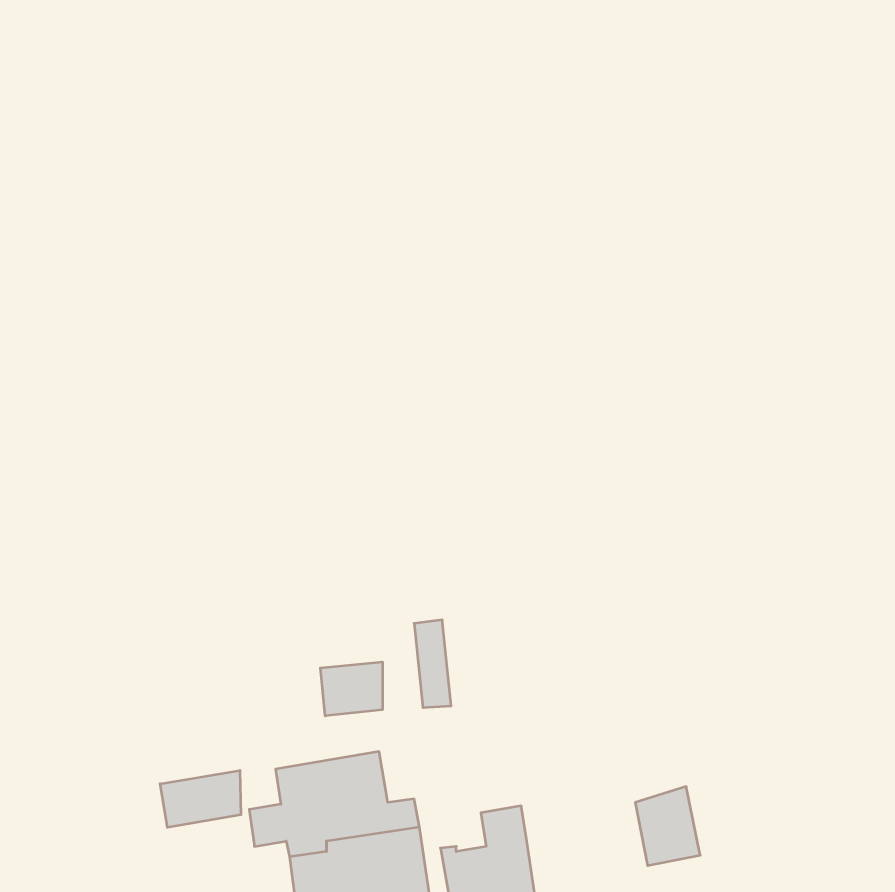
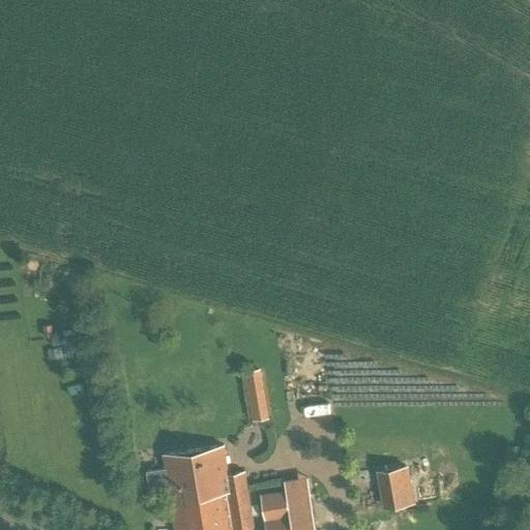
building: [320,662,382,716] -> none
building: [160,770,241,827] -> none

